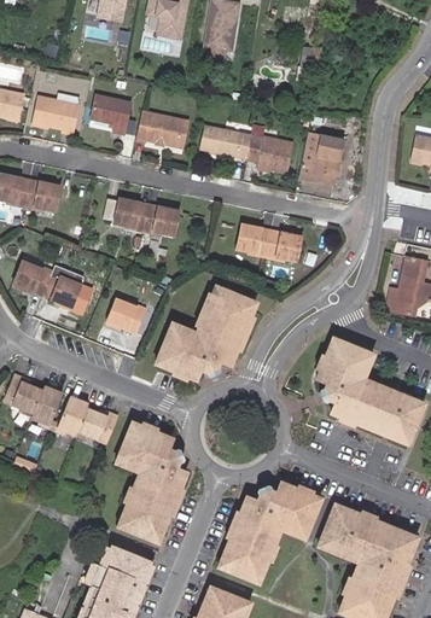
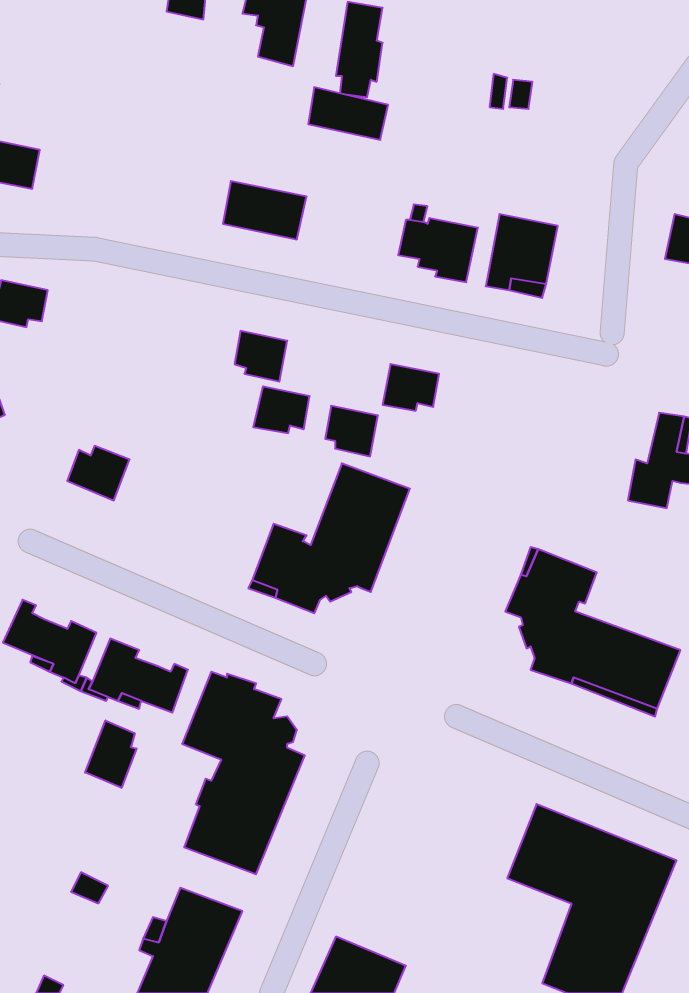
building: [35,91,82,129] -> none
building: [93,94,133,133] -> none
building: [203,127,252,159] -> [308,87,388,140]
building: [27,181,60,212] -> none
building: [115,200,150,229] -> [253,386,310,433]
building: [269,233,302,264] -> [325,406,378,456]
building: [13,263,49,299] -> none
building: [105,301,146,338] -> none
building: none -> [85,720,136,788]
building: [215,478,324,583] -> none

